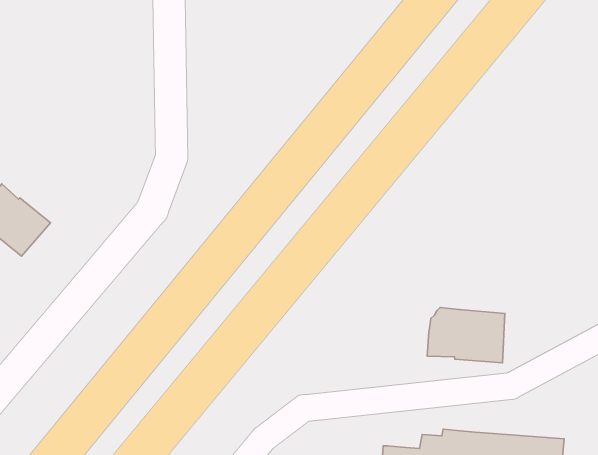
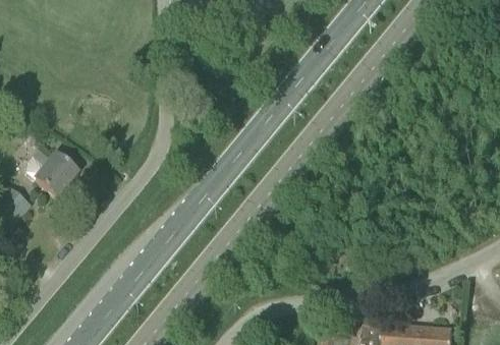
building: [427,307,505,363] -> none

